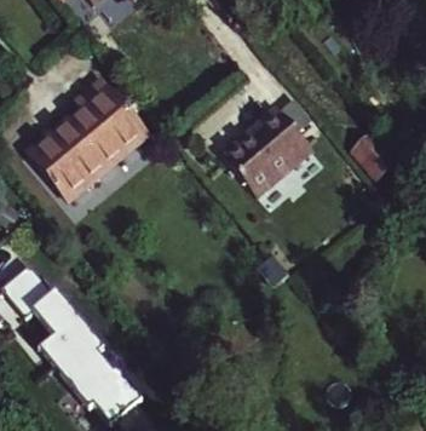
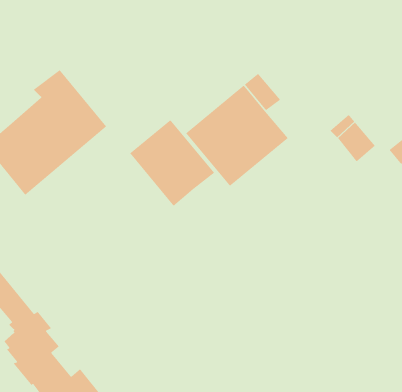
building: none -> [129,119,215,207]

